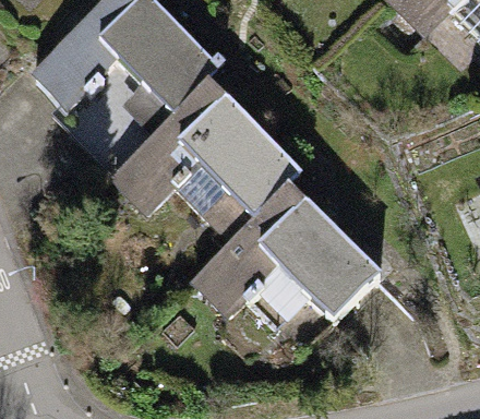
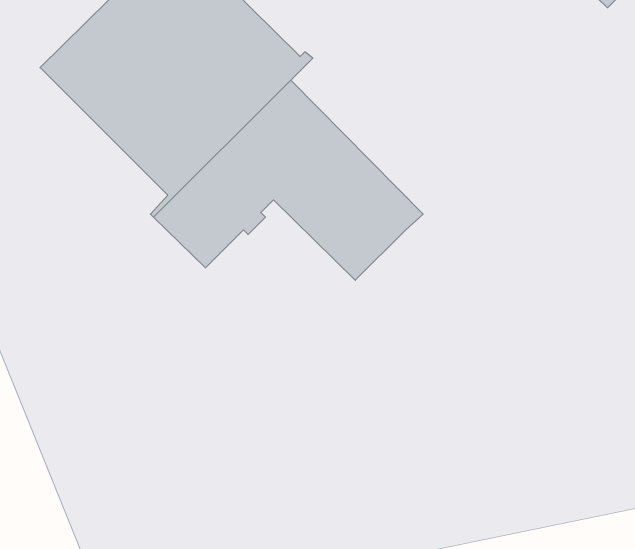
building: [195,181,381,320] -> none

